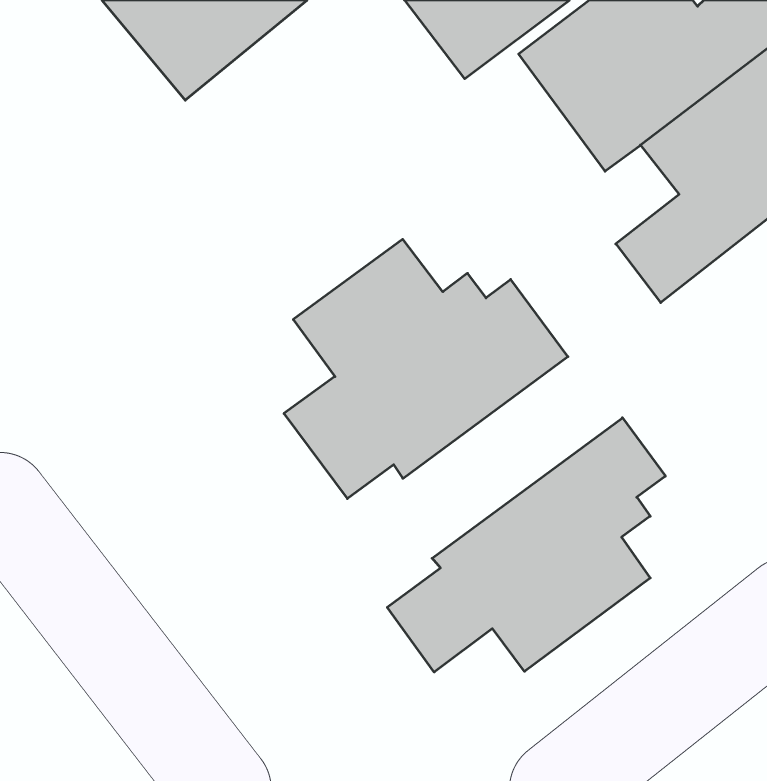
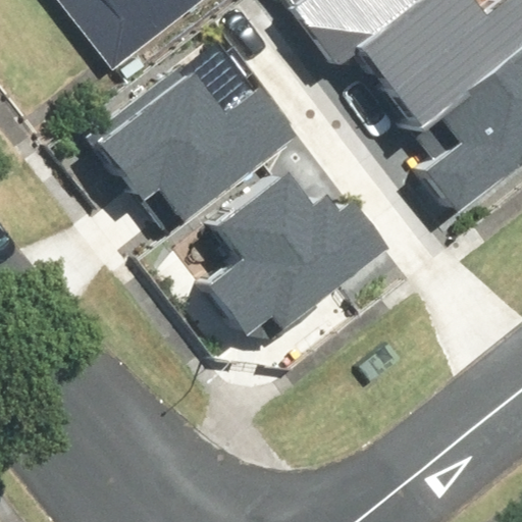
building: none -> [98,71,295,225]
building: [387,418,665,672] -> none

